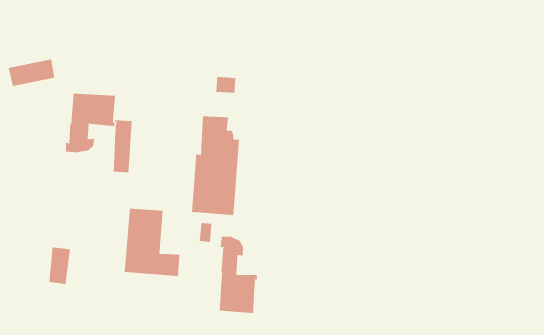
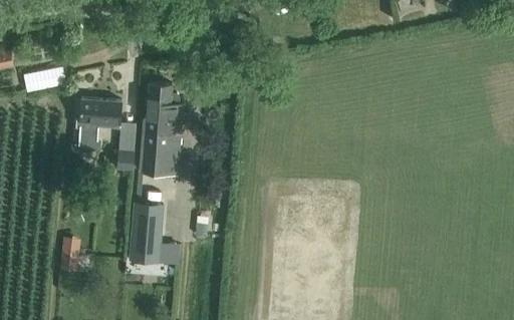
building: [191,116,240,215] -> [138,82,182,173]
building: [219,236,257,314] -> none

